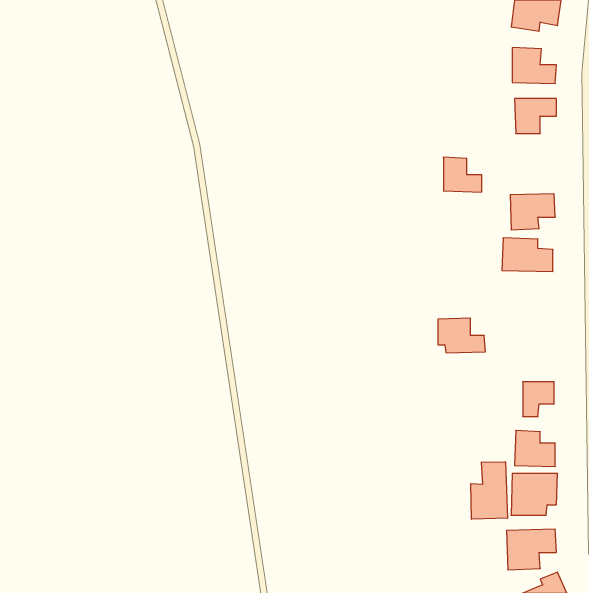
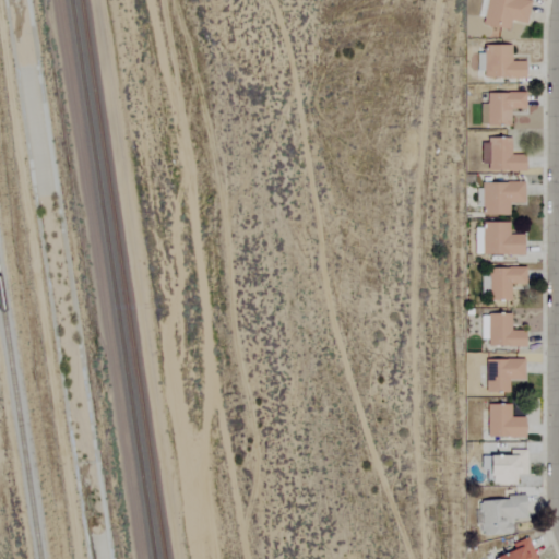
building: [443,157,482,192] -> [490,139,526,171]
building: none -> [489,267,527,301]
building: [438,318,485,353] -> [483,314,527,347]
building: [471,462,507,519] -> none

